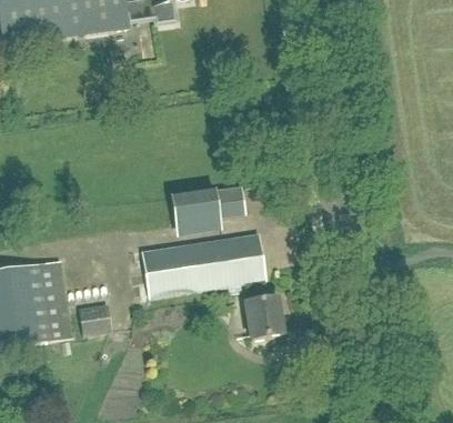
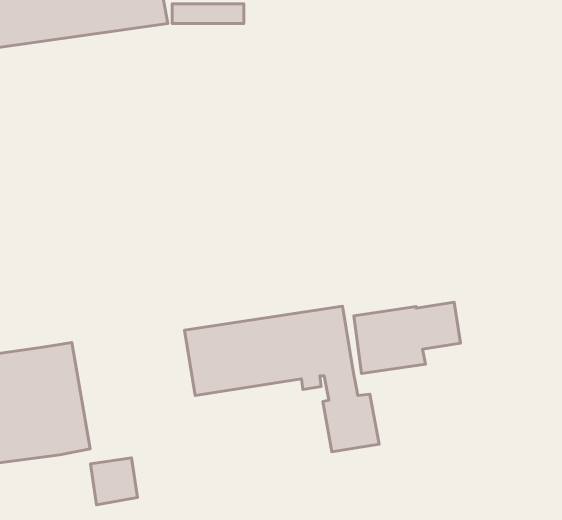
building: [169,185,246,238] -> [354,302,460,373]
building: [77,303,111,338] -> [90,458,138,505]

